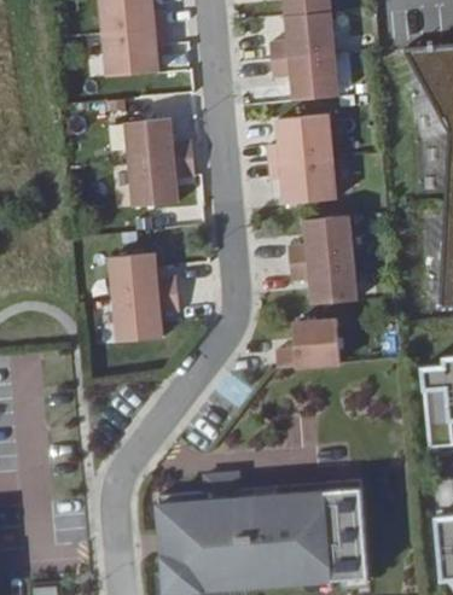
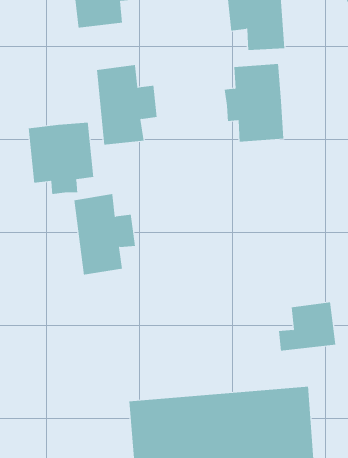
building: none -> [28,122,94,195]
building: [292,218,360,308] -> none
building: [273,322,338,378] -> [278,302,336,351]

